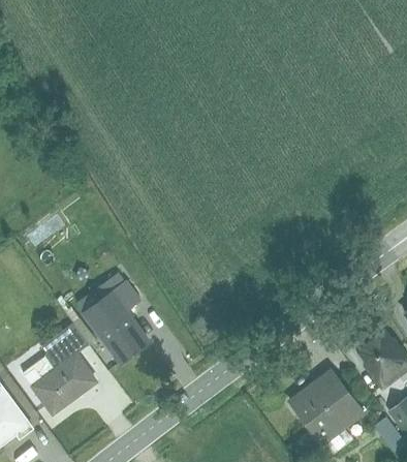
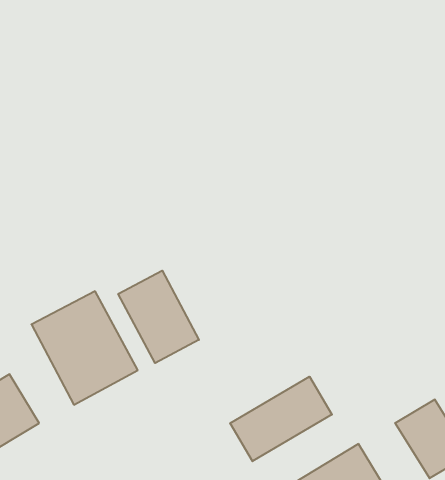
building: none -> [118,271,199,363]
building: none -> [230,377,332,461]

